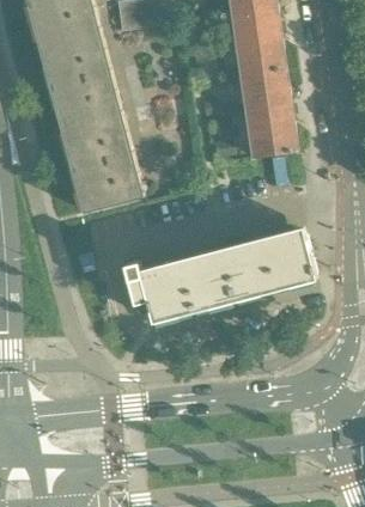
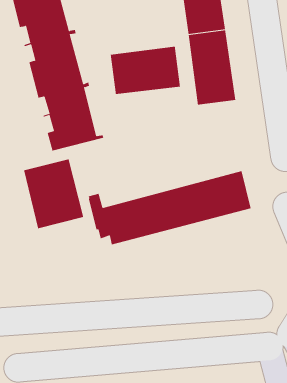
building: none -> [110,46,181,95]
building: none -> [24,158,84,229]

